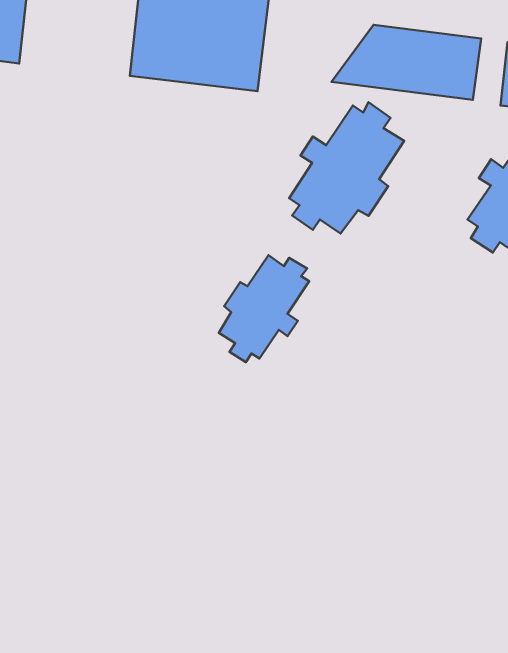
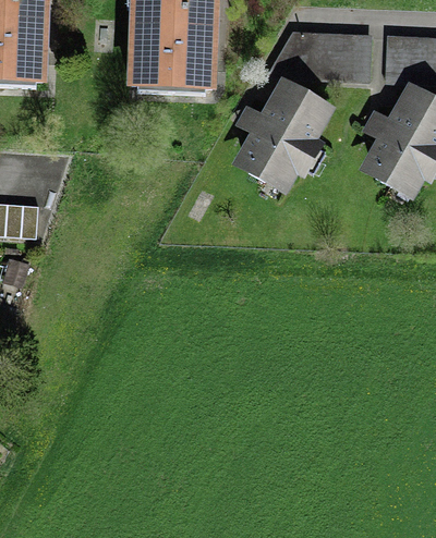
building: [219,255,309,362] -> none

